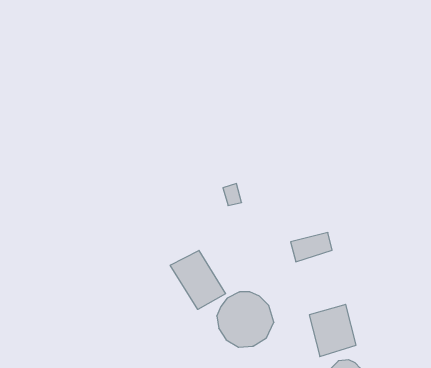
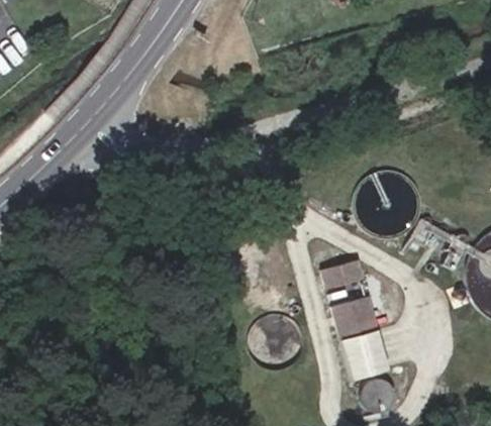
building: [170,250,226,309] -> none
building: none -> [331,295,375,336]

